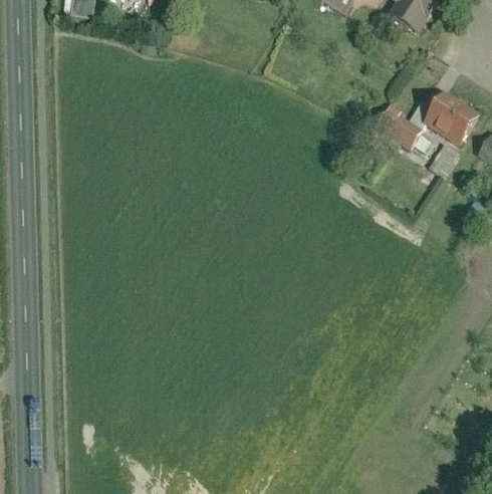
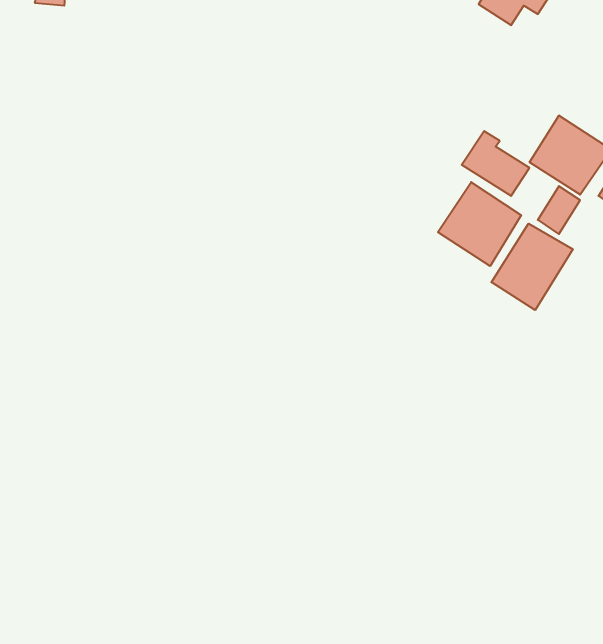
building: none -> [438,182,521,266]
building: none -> [491,224,573,310]

